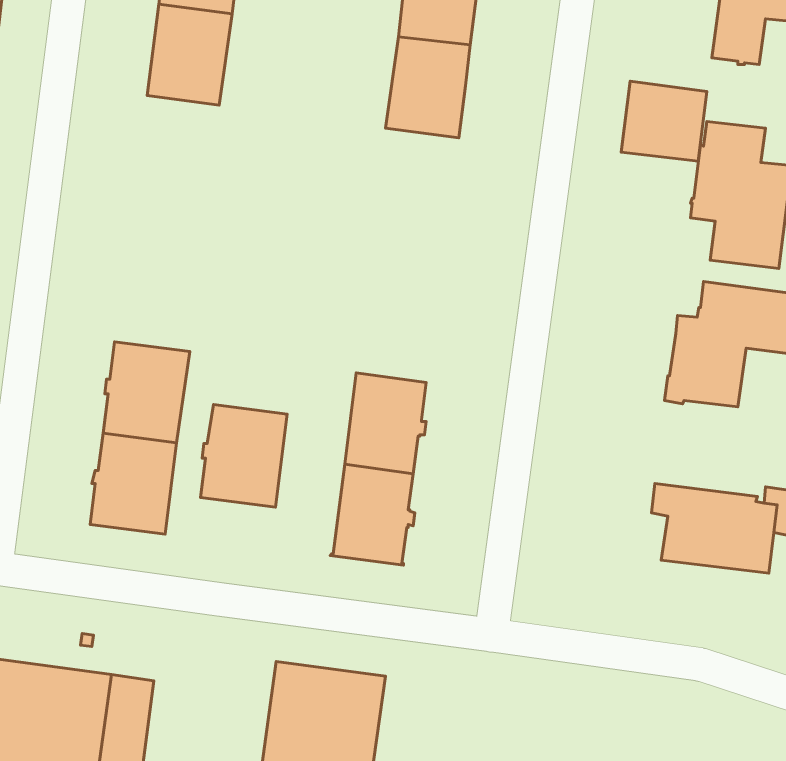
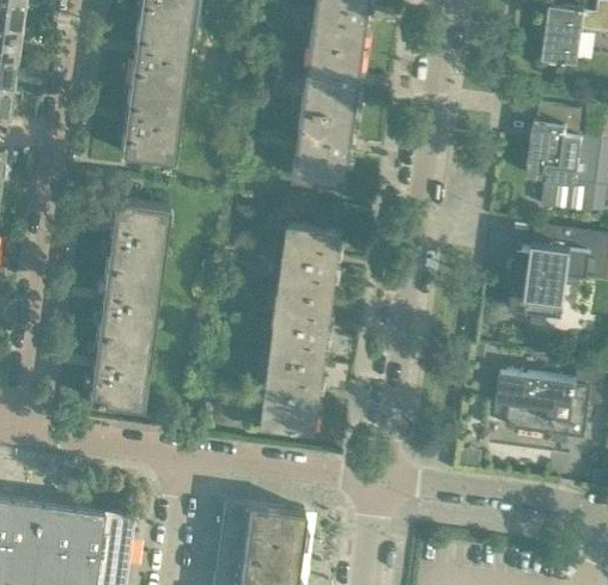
building: [621,81,707,161] -> none
building: none -> [118,87,181,162]
building: none -> [294,111,357,185]
building: none -> [281,224,342,298]
building: [201,405,287,507] -> [104,200,168,275]

